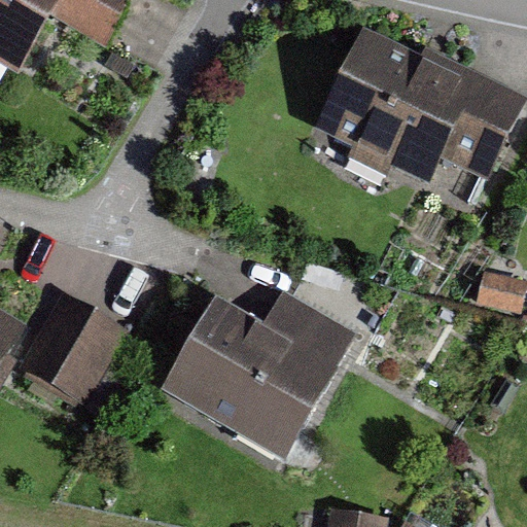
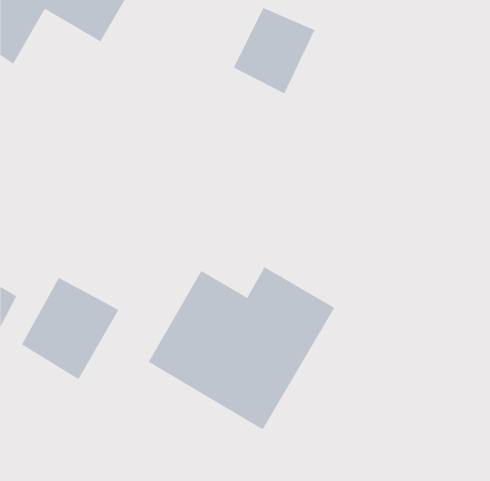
building: none -> [233,7,315,94]
building: [312,32,517,181] -> none

